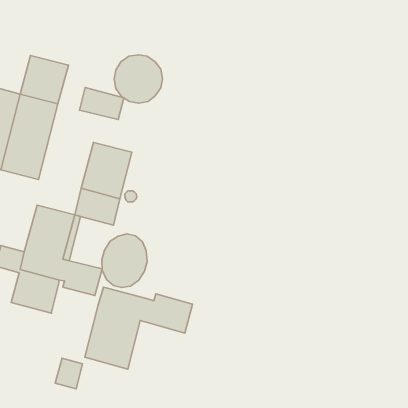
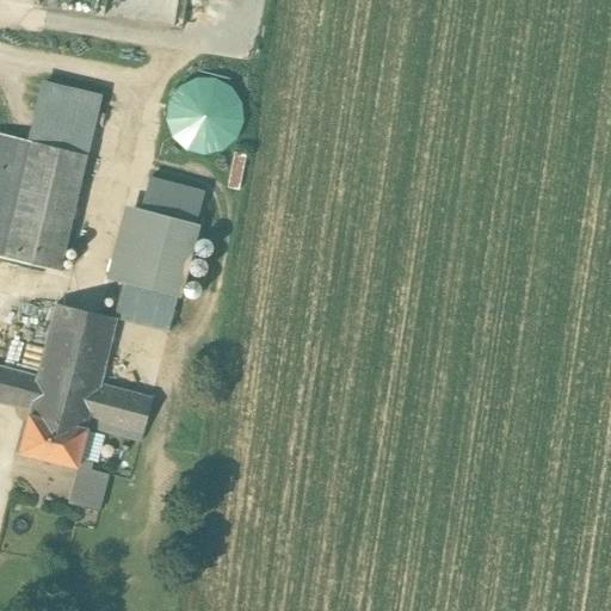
building: [80,87,124,120] -> [138,178,204,226]
building: [102,234,147,288] -> none
building: [85,287,192,369] -> none
building: [55,358,83,389] -> [67,463,107,508]

